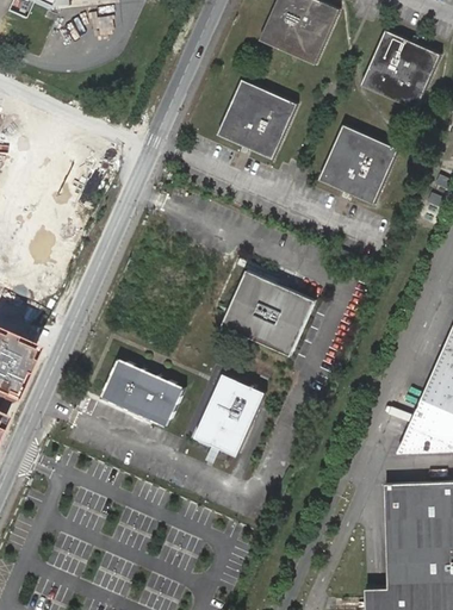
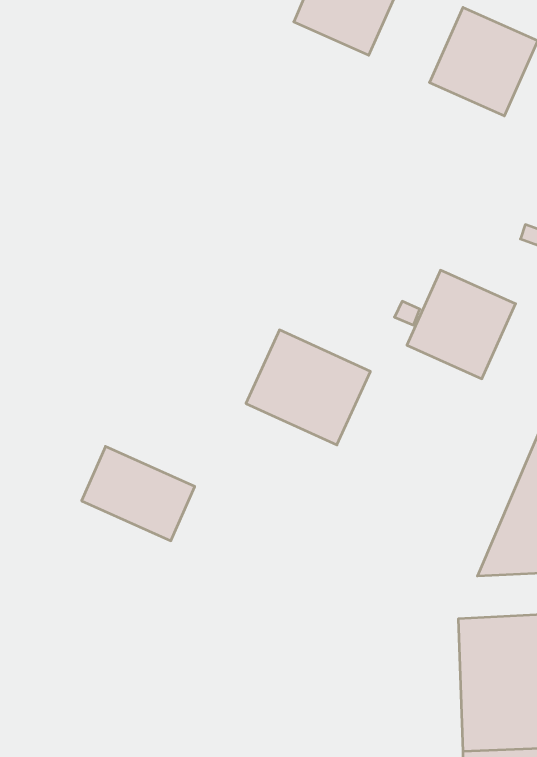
building: [218,77,299,158] -> none
building: [319,123,401,204] -> [407,270,516,379]
building: [197,373,266,455] -> none

